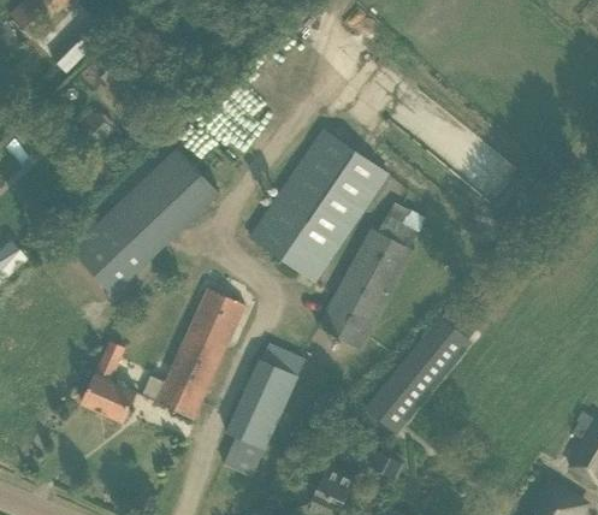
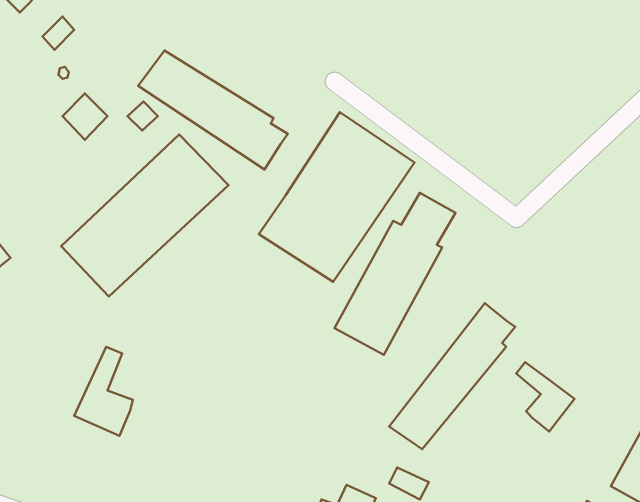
building: none -> [138,51,288,170]
building: [142,288,244,416] -> none
building: [224,342,306,475] -> none
building: none -> [516,362,574,431]

